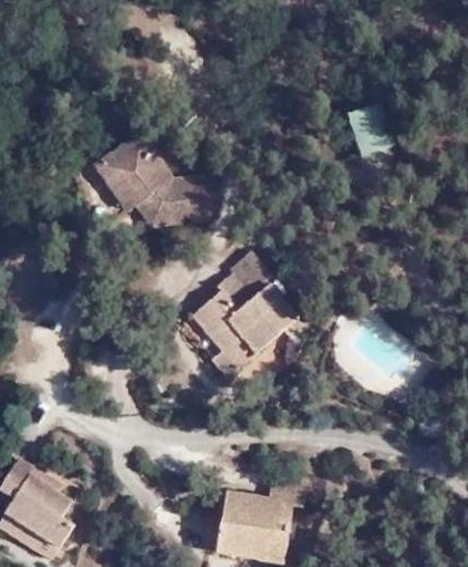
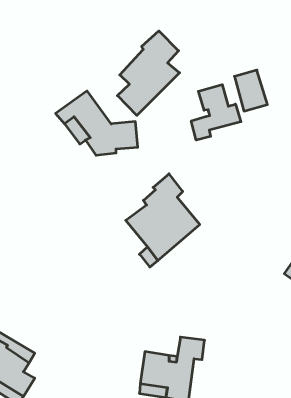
building: none -> [117,31,180,115]
building: none -> [191,85,241,140]

